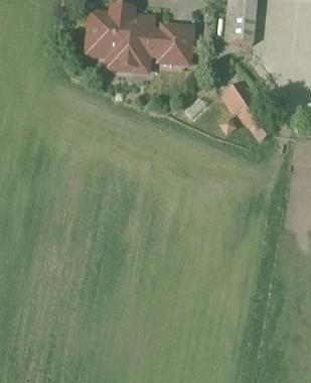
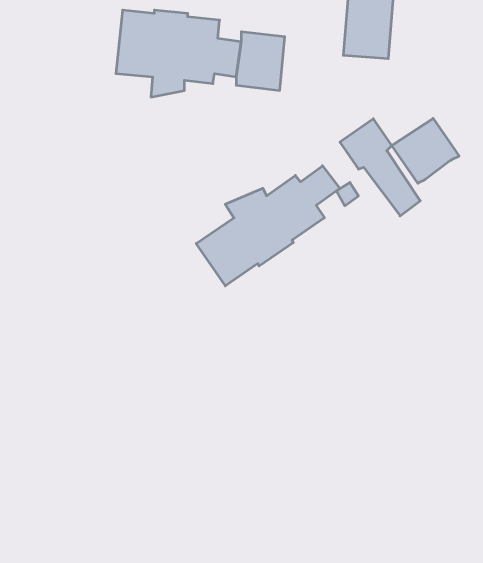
building: none -> [392,118,459,183]
building: none -> [196,166,340,286]

